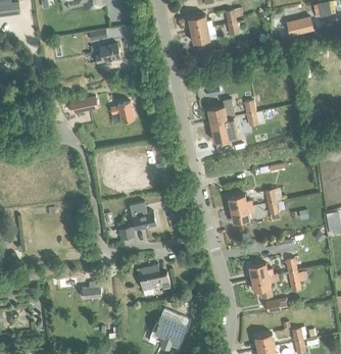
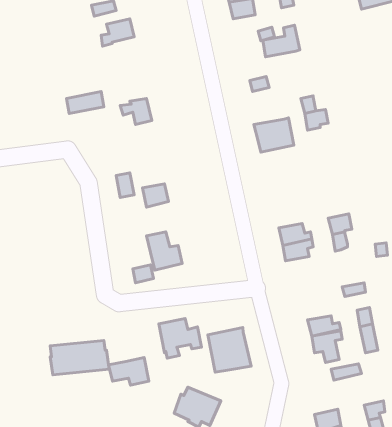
building: [207,98,235,121] -> [263,25,300,57]
building: none -> [208,327,251,372]
building: none -> [109,357,149,385]

